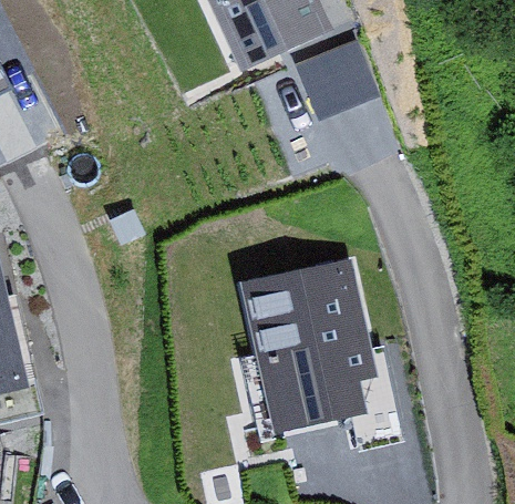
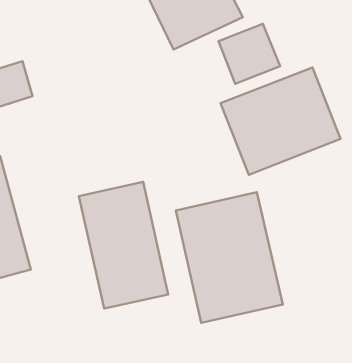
building: none -> [221,68,340,175]
building: none -> [79,182,168,309]

